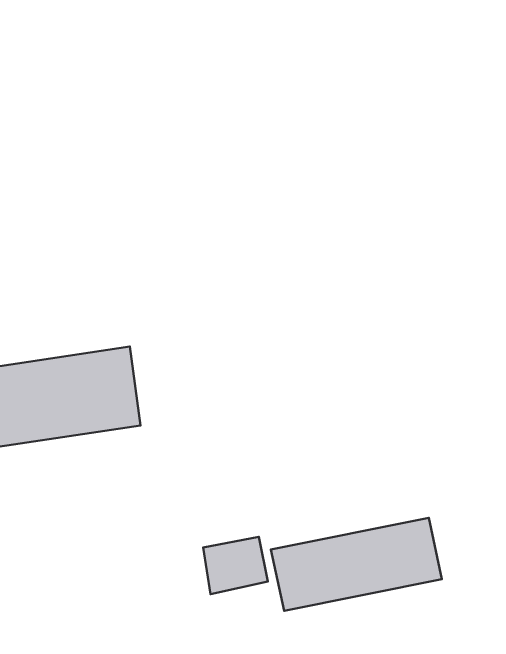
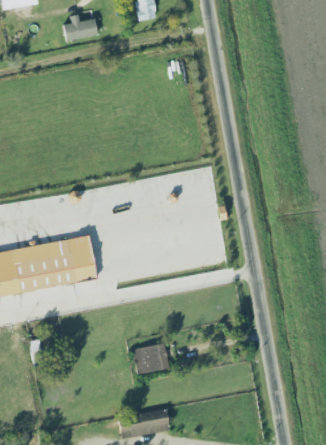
building: [271,518,442,611] -> none

